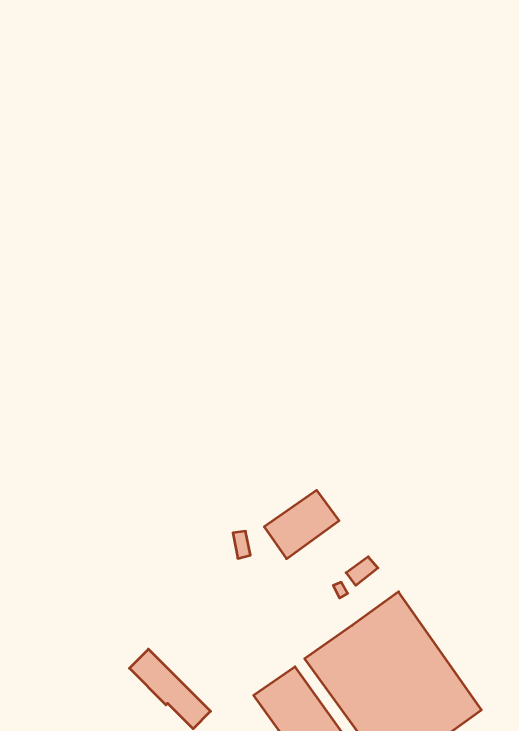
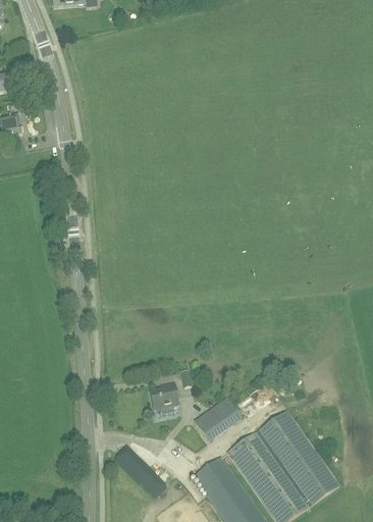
building: [264,490,339,559] -> [194,398,242,441]
building: none -> [150,383,179,409]

